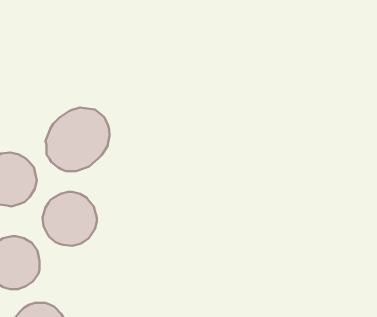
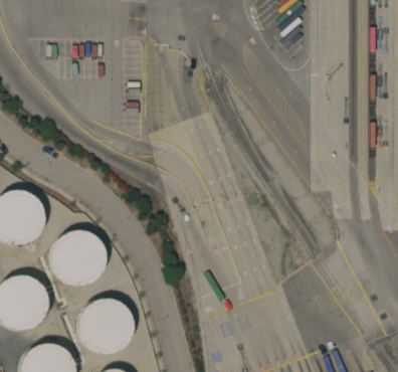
building: [46,107,110,171] -> none
building: none -> [78,299,134,354]

